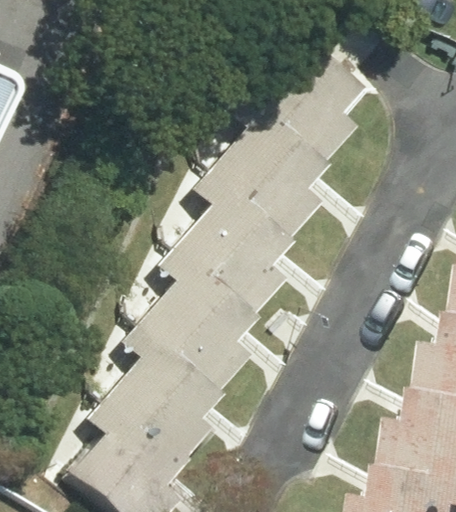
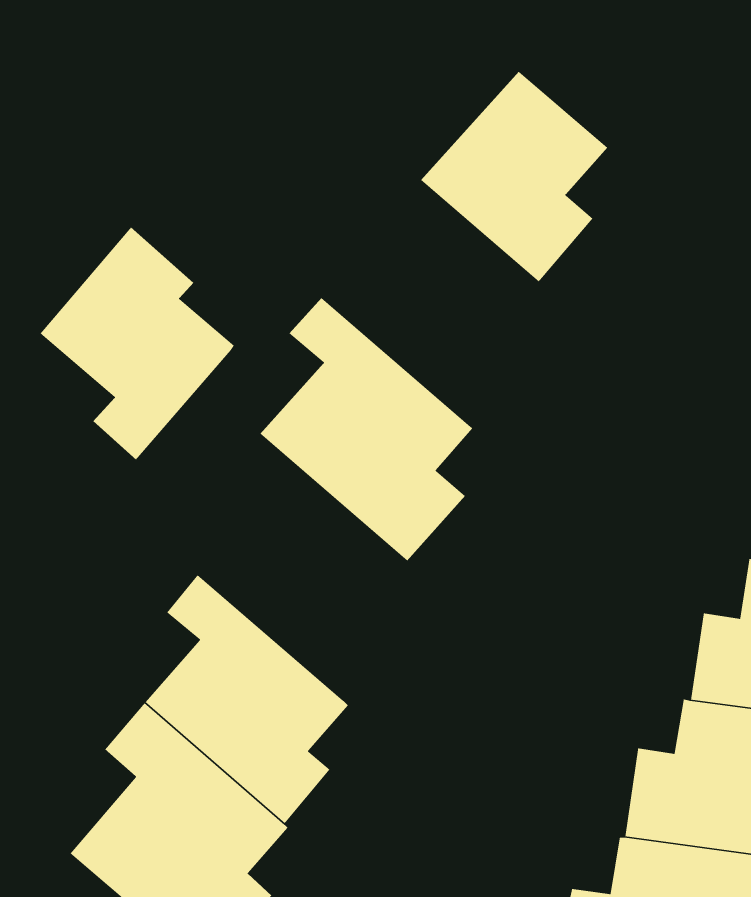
building: [208,106,330,241] -> none
building: none -> [39,227,235,460]
building: [140,245,258,391] -> none

